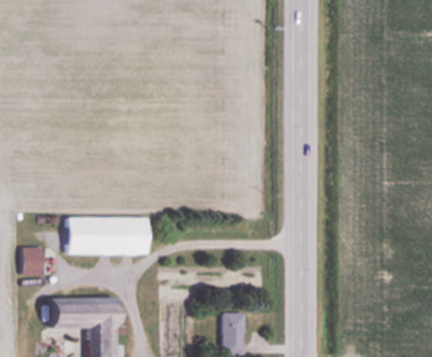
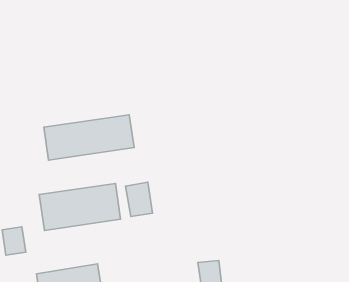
building: none -> [44,115,134,160]
building: none -> [125,182,153,217]

